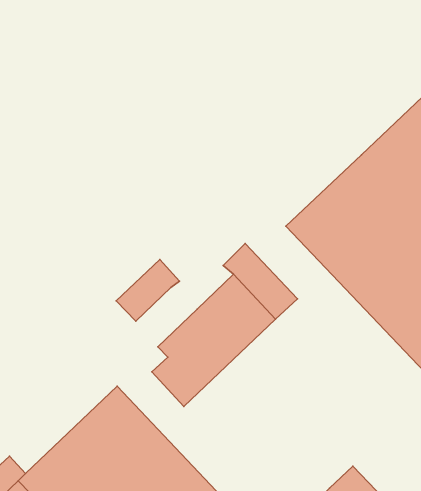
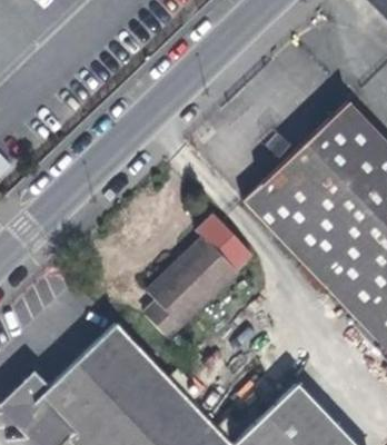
building: [116,260,179,321] -> none

